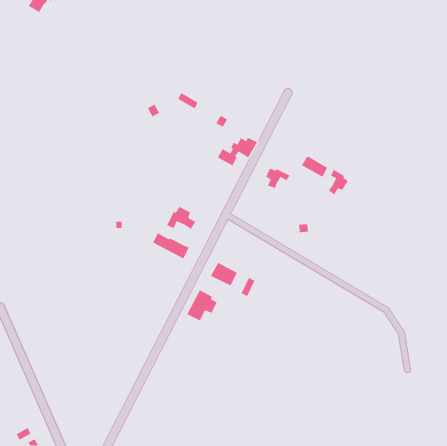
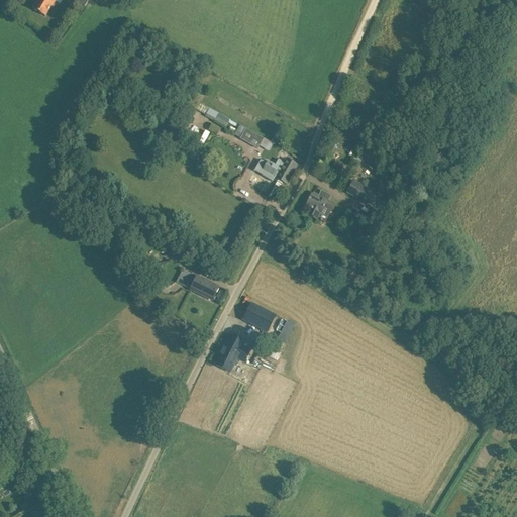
building: [328,169,349,195] -> none
building: [166,206,196,230] -> none

